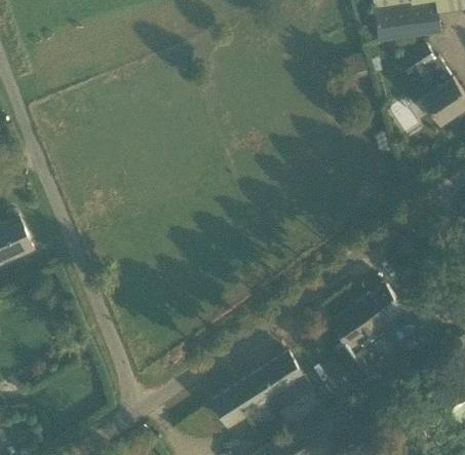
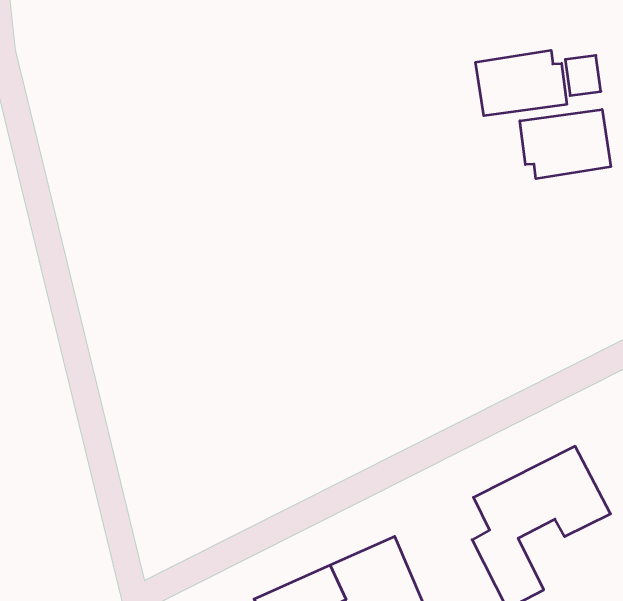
building: none -> [476,50,567,116]
building: none -> [520,109,611,179]

